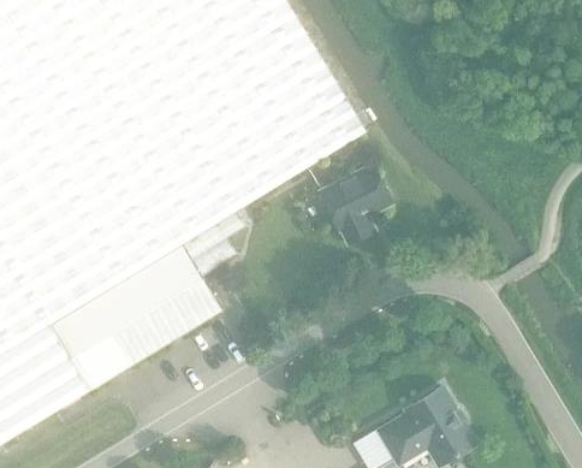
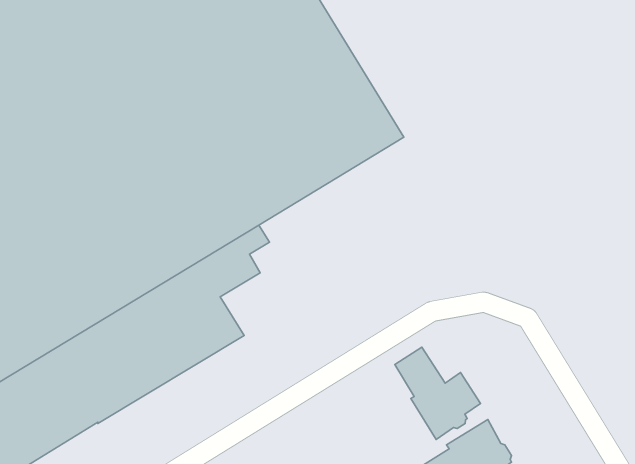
building: [320,165,392,244] -> none
building: none -> [395,347,480,440]

